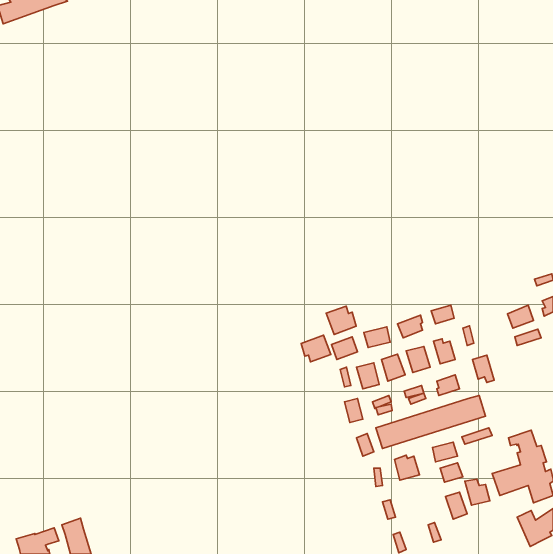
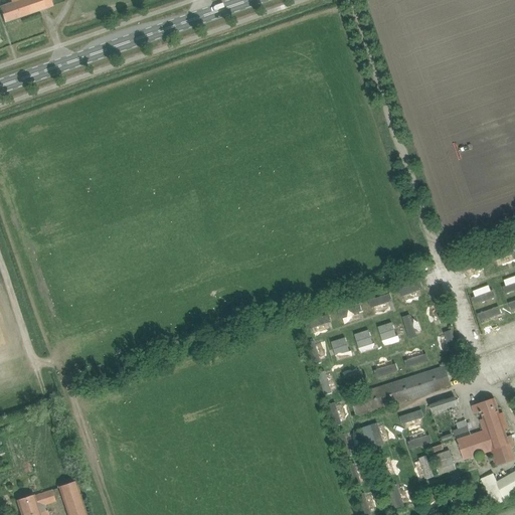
building: [326,306,356,334] -> none
building: [301,335,331,362] -> none

